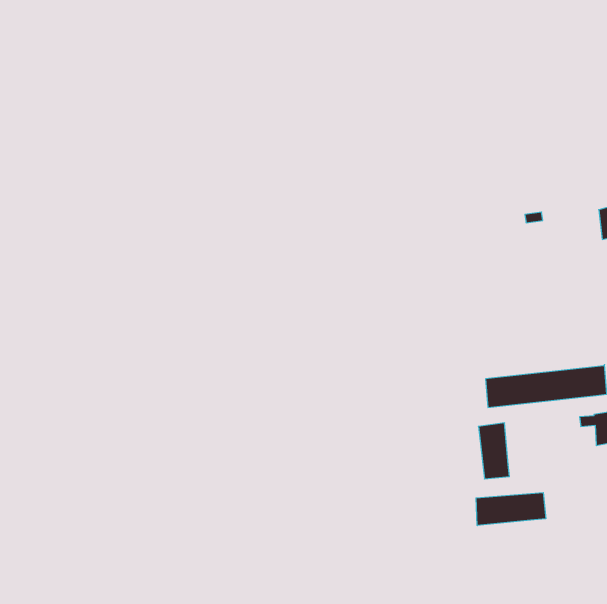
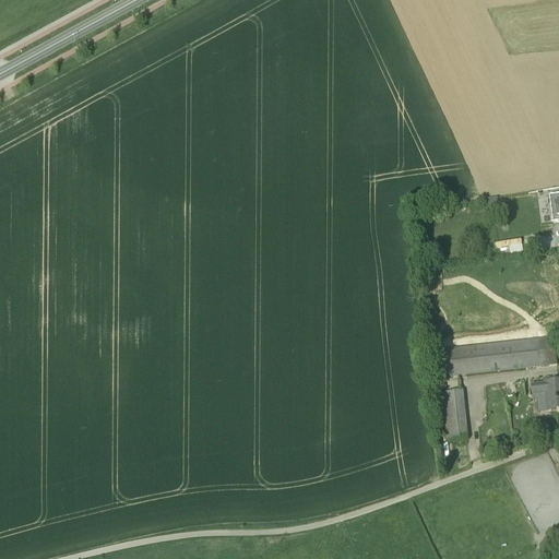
building: [476,493,546,526] -> none

